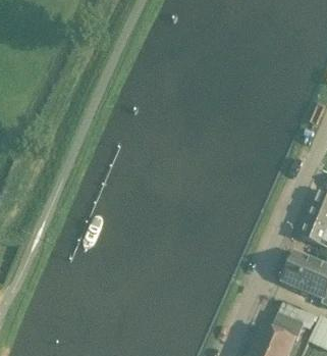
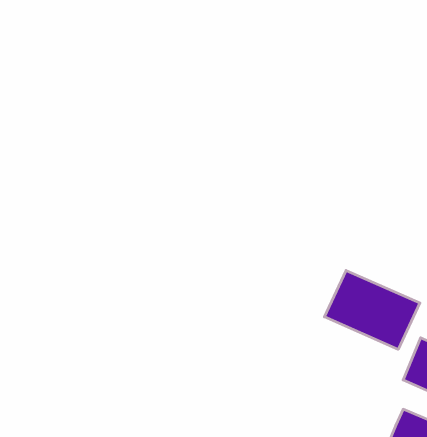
building: none -> [324,270,420,349]

